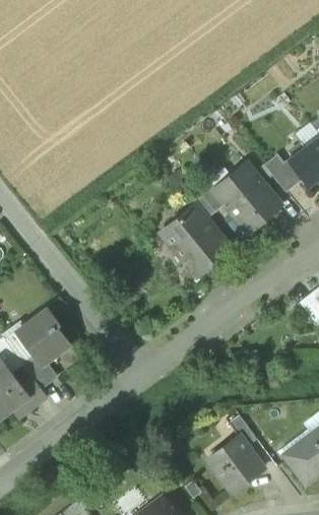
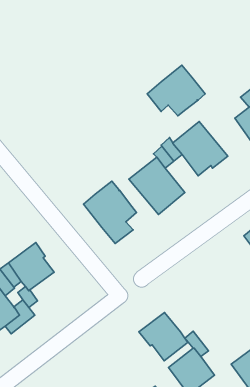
building: none -> [147,65,205,116]
building: [264,155,299,192] -> none
building: none -> [83,181,137,243]
building: none -> [139,312,188,361]

